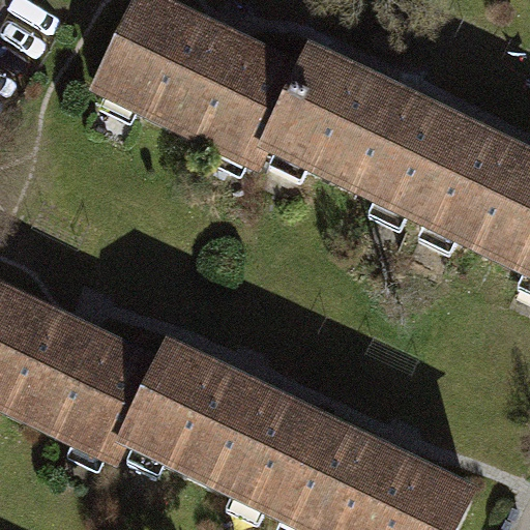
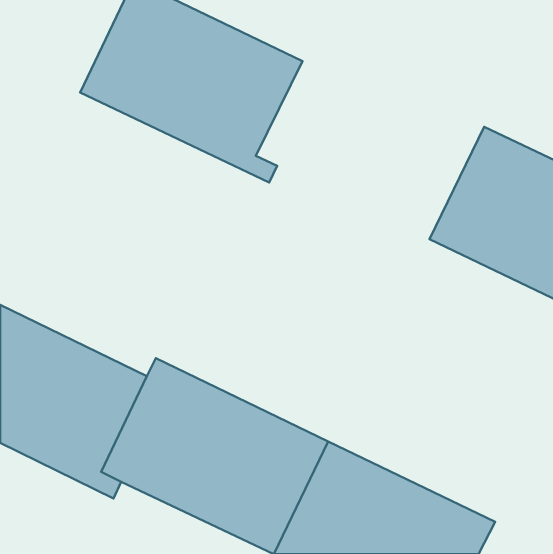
building: [253,40,465,223] -> none

